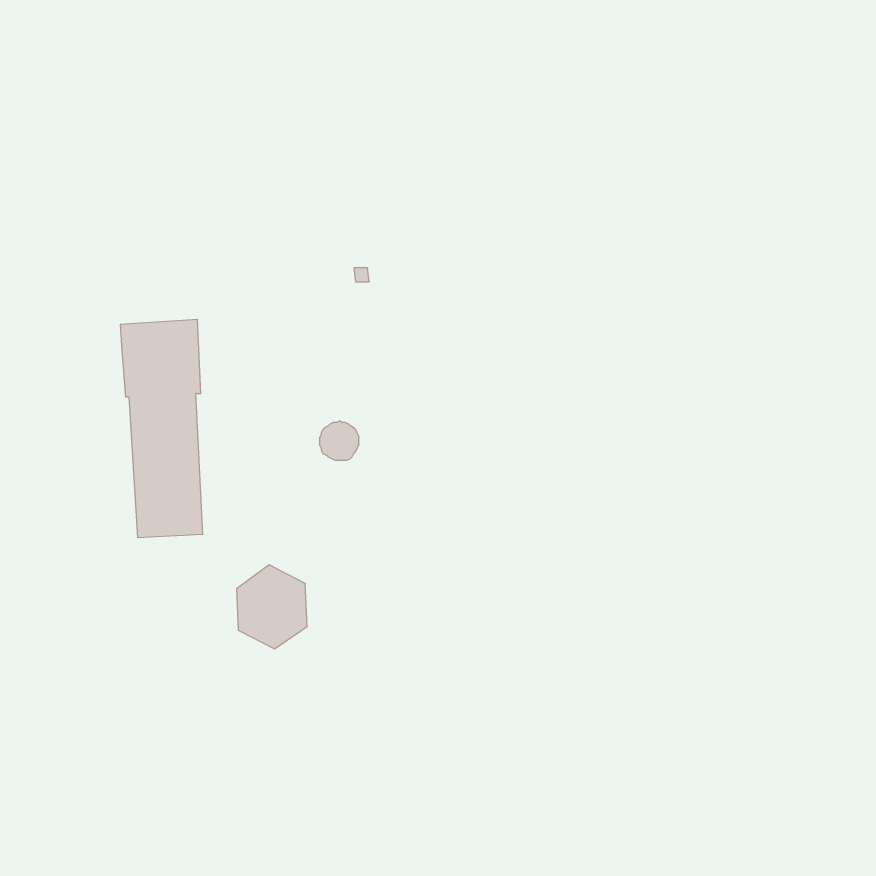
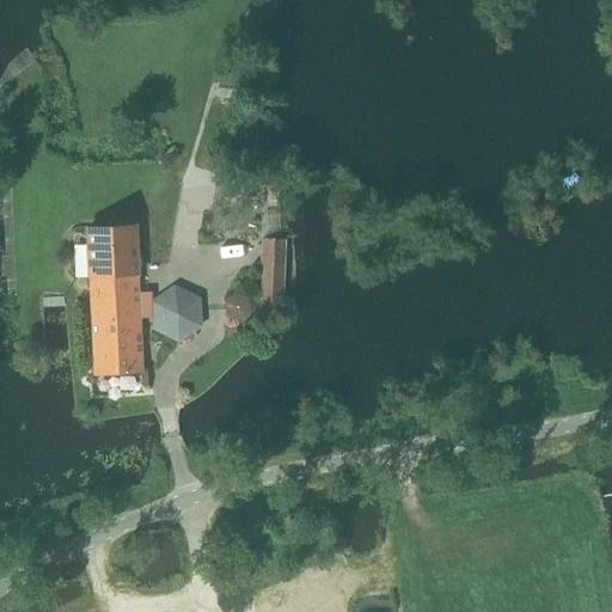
building: none -> [259,237,287,302]
building: [237,565,307,649] -> [153,283,202,342]

